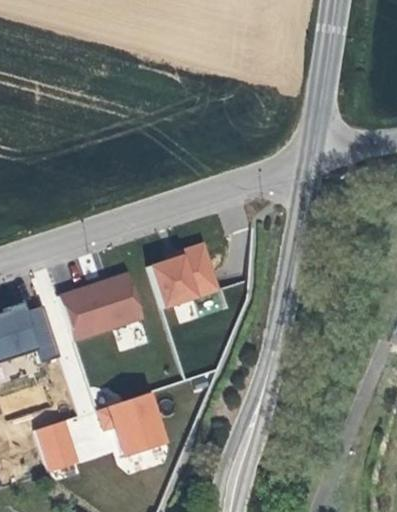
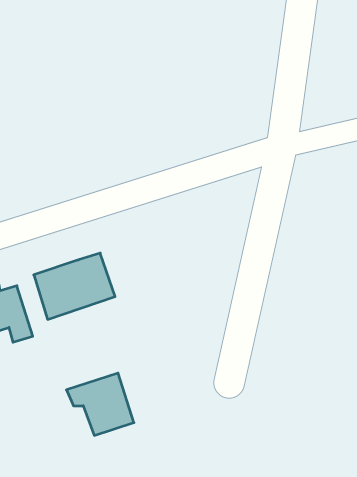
building: [146,240,222,309] -> none
building: [35,420,78,472] -> none

